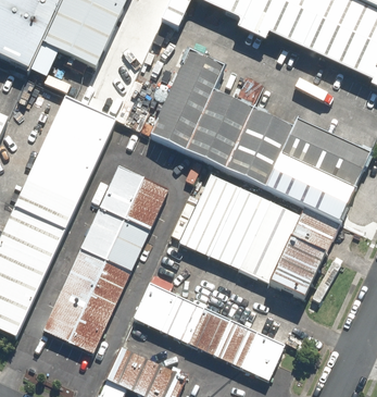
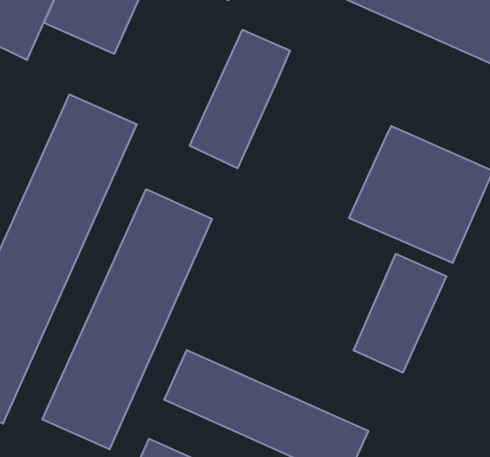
building: [186,90,293,186] -> none
building: [179,173,300,282] -> none

